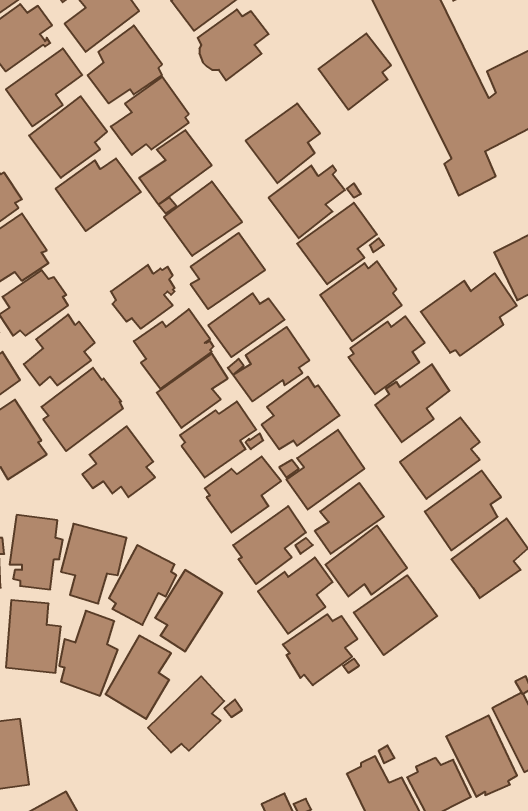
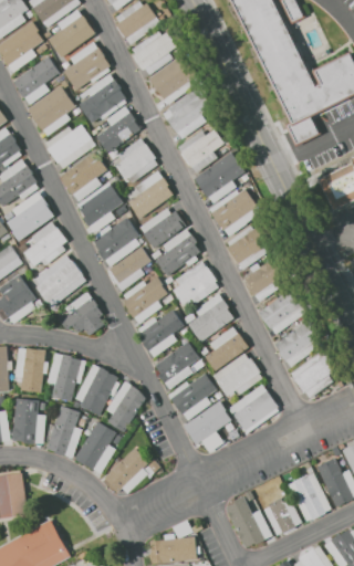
building: [318,33,391,110] -> [148,56,194,104]
building: none -> [61,151,107,201]
building: [421,273,517,356] -> none

